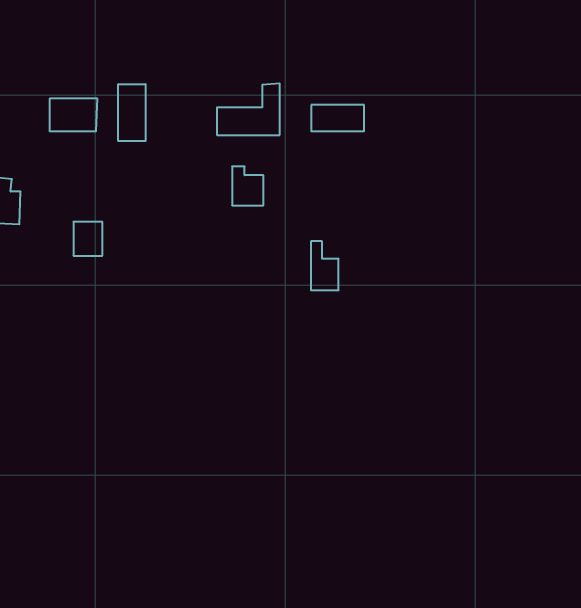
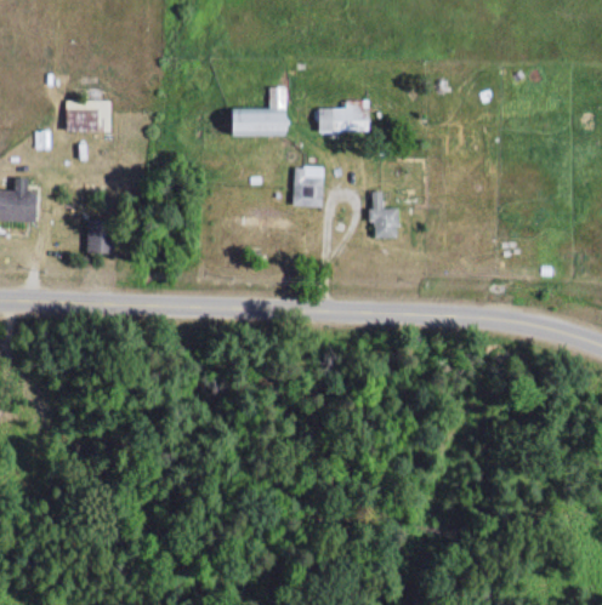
building: [118,84,146,141] -> none
building: [232,166,263,205] -> [294,169,324,206]
building: [311,241,339,290] -> [373,190,399,238]

